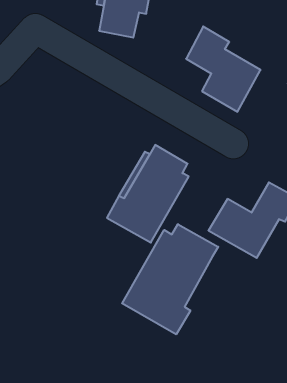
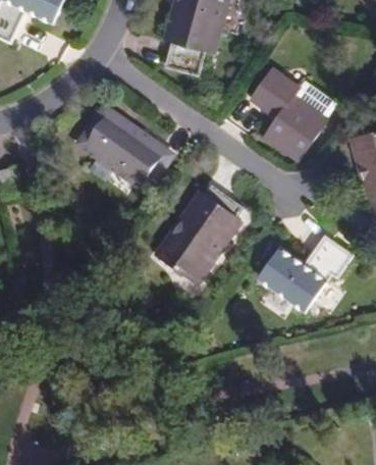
building: none -> [79,110,168,189]
building: [122,224,218,334] -> none

